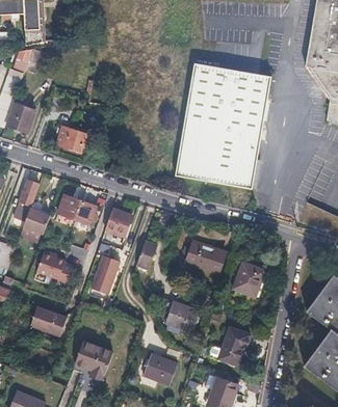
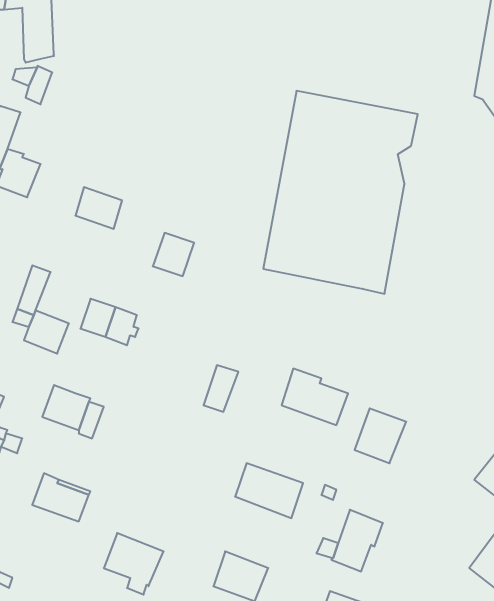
building: [104,209,130,236] -> [153,233,194,276]
building: [88,252,119,293] -> none

